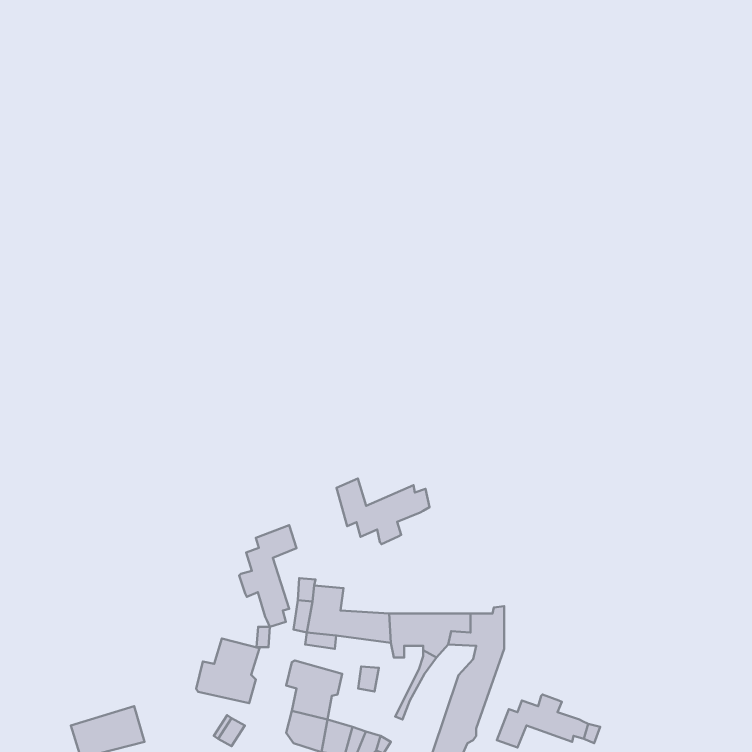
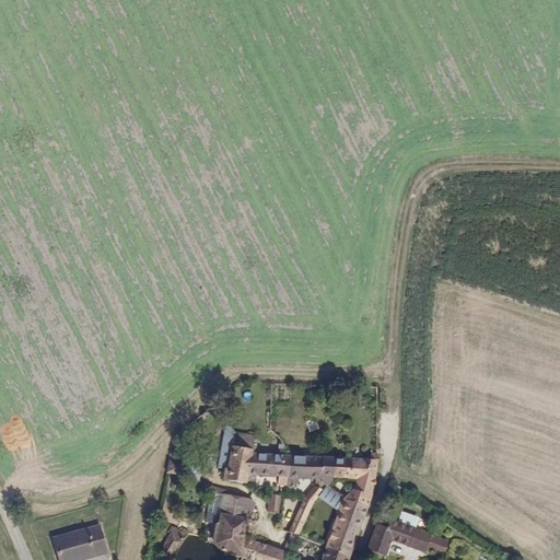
building: [336,478,429,544] -> none
building: [239,525,297,627] -> none
building: [196,639,259,703] -> none

